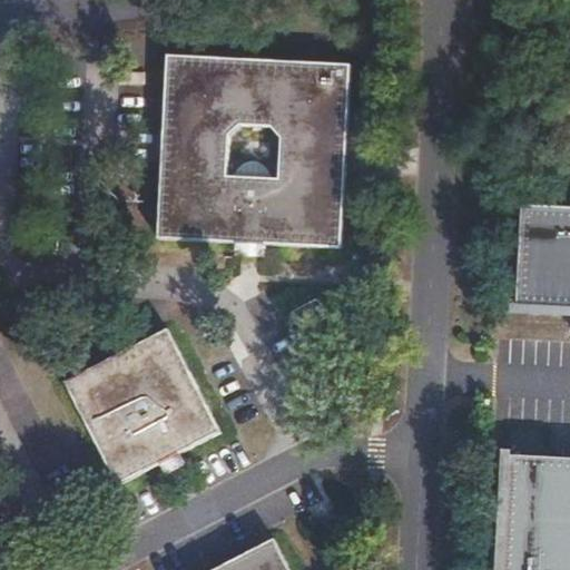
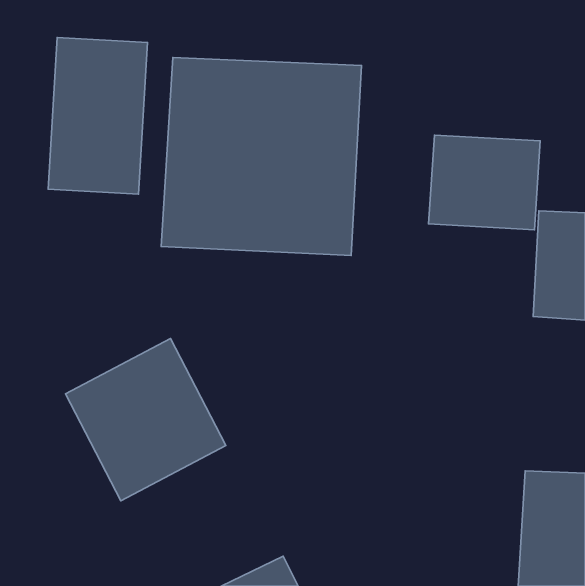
building: none -> [48,37,148,194]
building: none -> [429,135,540,230]

